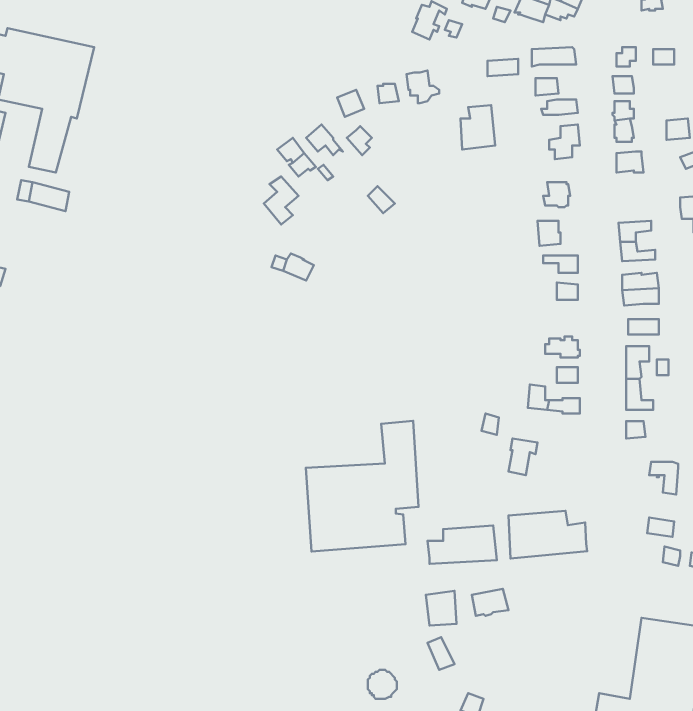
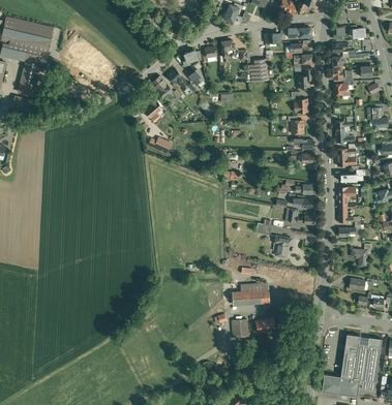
building: [306,421,419,551] -> none
building: [509,511,587,559] -> none

